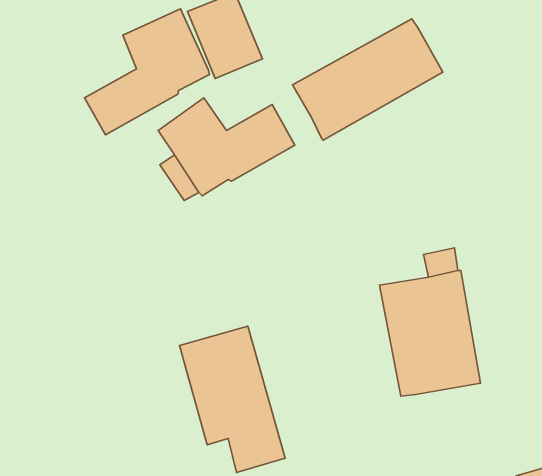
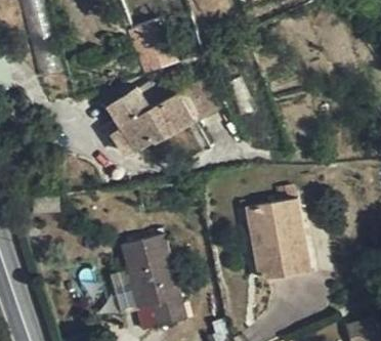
building: [84,9,209,135] -> none
building: [293,19,443,140] -> none

